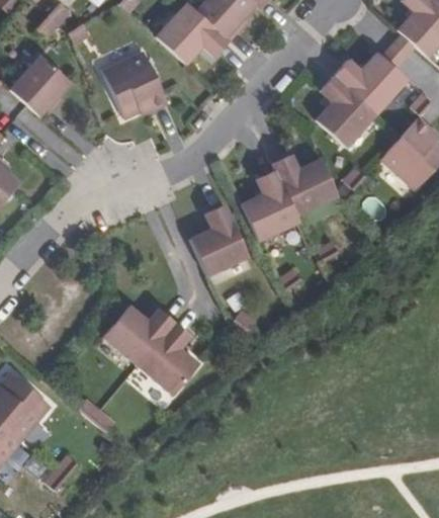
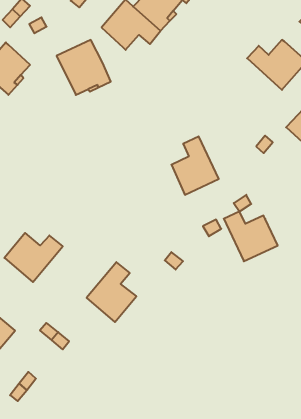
building: [316,74,376,146] -> none
building: [272,154,338,214] -> [224,211,278,261]
building: [190,203,249,274] -> none
building: [104,306,175,365] -> [4,233,63,282]

